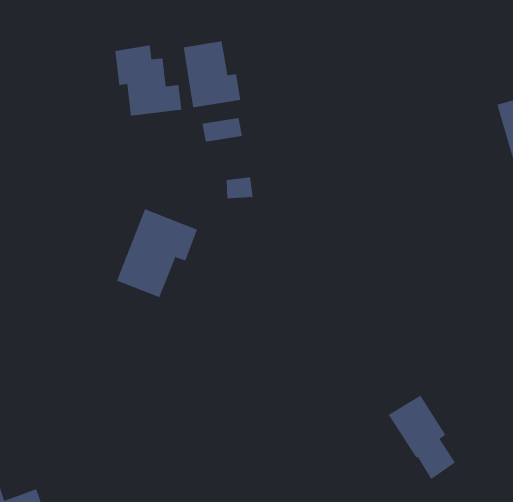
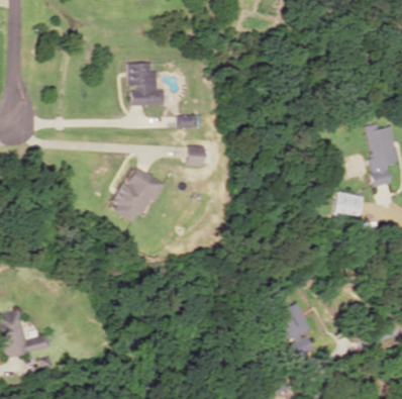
building: [183,40,241,108] -> none
building: none -> [333,191,363,218]

